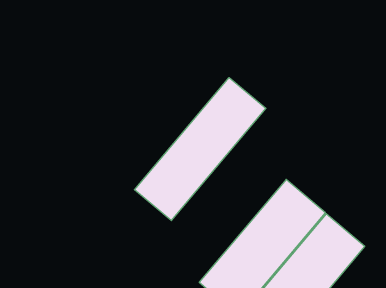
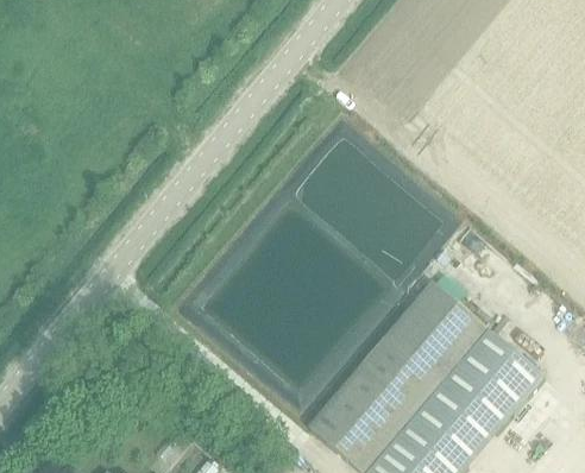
building: [134,78,266,221] -> none

